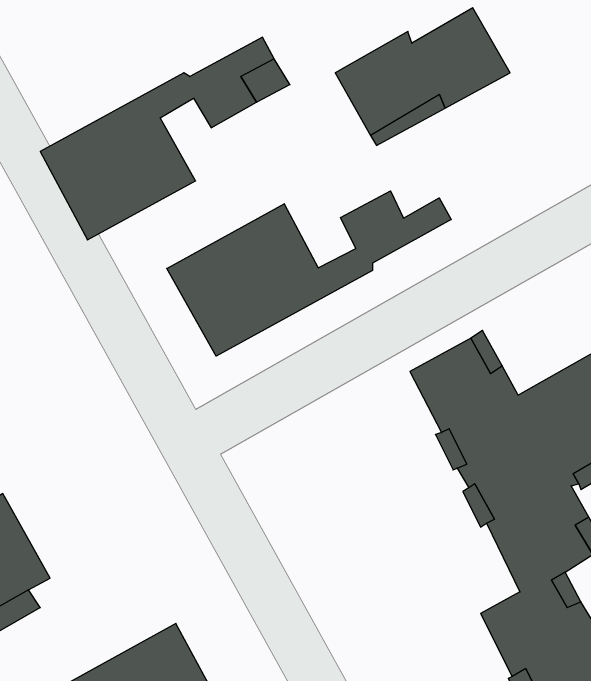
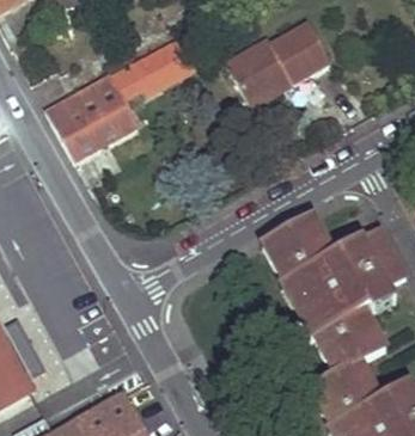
building: [167,191,451,356] -> none

